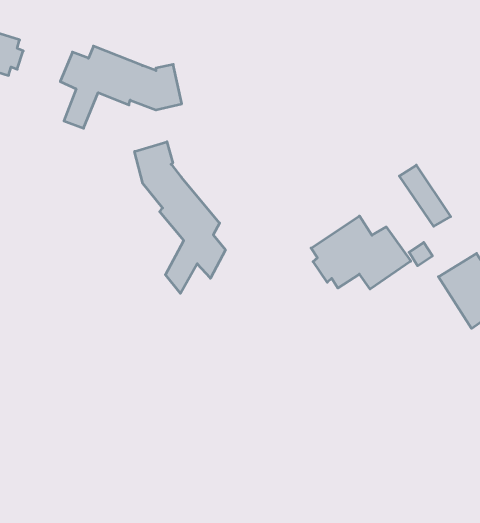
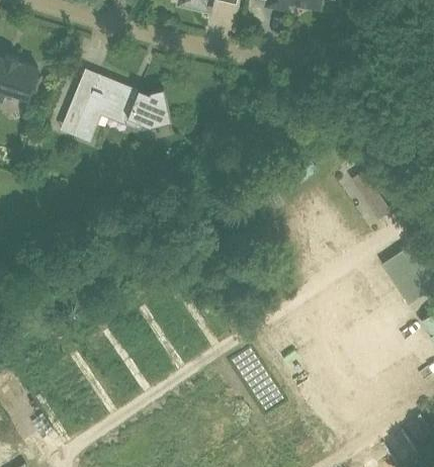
building: [135,142,225,293] -> none
building: [311,216,411,289] -> none

